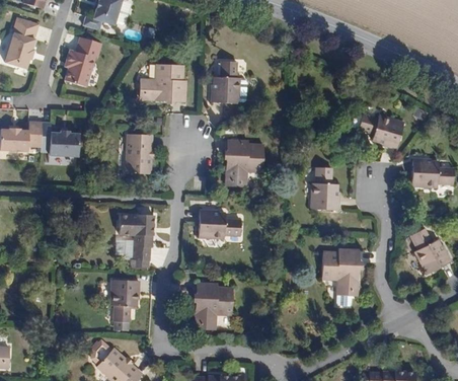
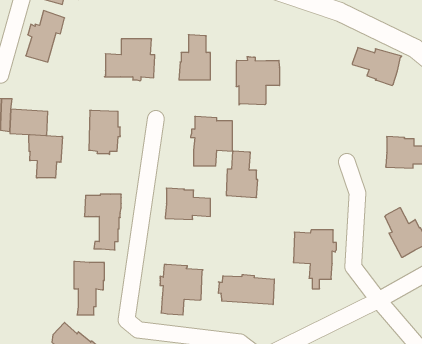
building: none -> [236,57,279,105]
building: [358,113,405,150] -> [352,48,402,85]
building: none -> [29,135,62,178]
building: [310,165,340,210] -> [226,151,258,197]
building: none -> [218,275,274,305]

